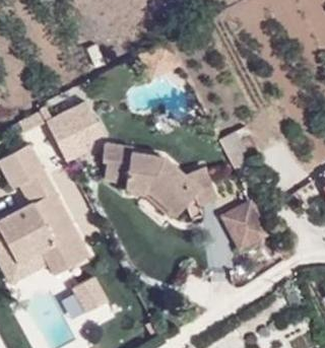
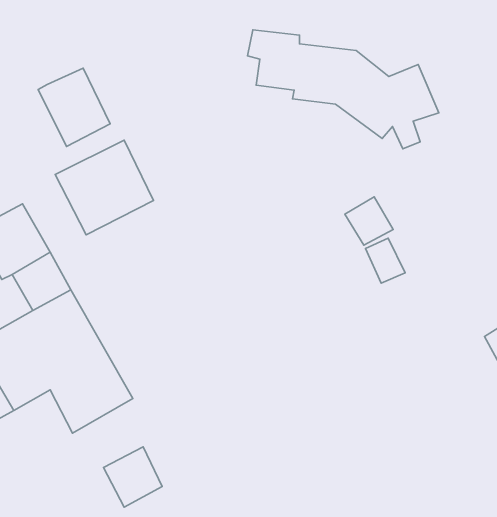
building: none -> [38,68,110,146]
building: [102,143,214,213] -> [248,30,439,149]
building: [219,205,267,256] -> none

